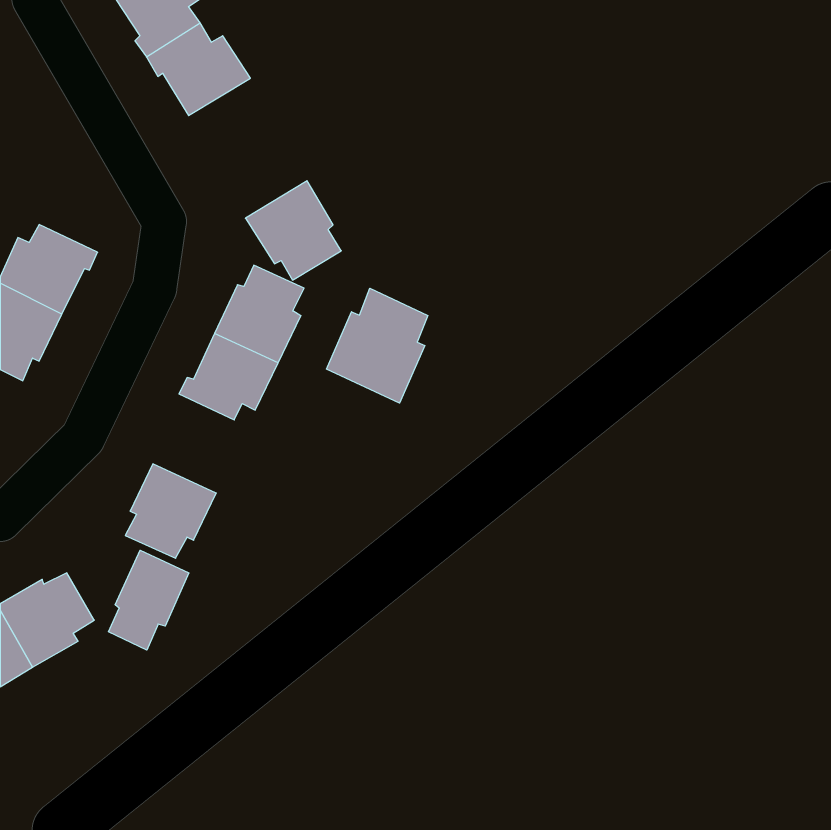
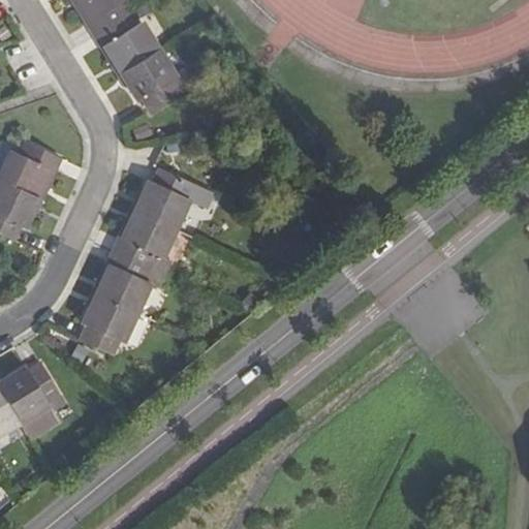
building: [245,181,341,280] -> [120,50,181,113]
building: [326,288,428,403] -> none
building: none -> [97,250,152,313]
building: [108,550,189,650] -> none

